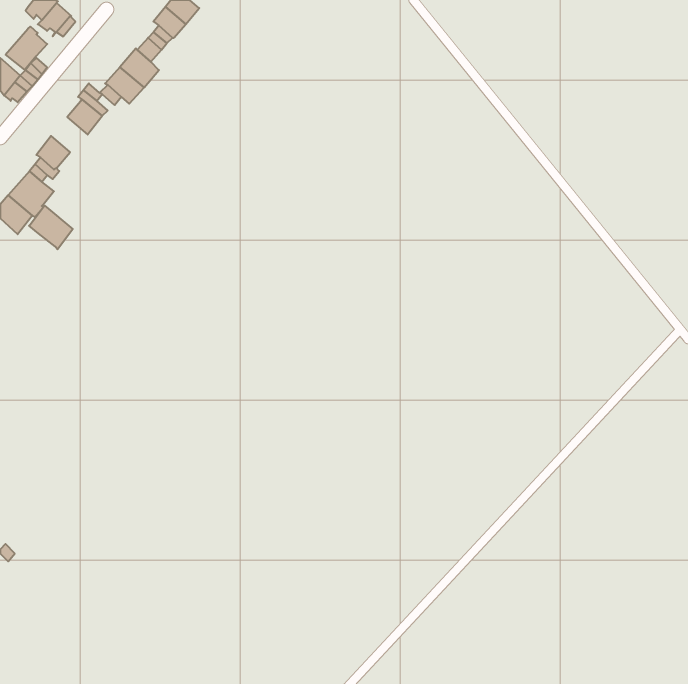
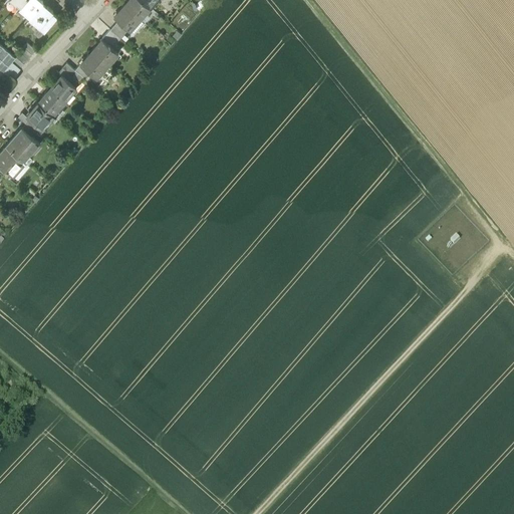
building: [6,27,47,70] -> none
building: none -> [38,90,65,117]
building: [29,206,73,249] -> none

